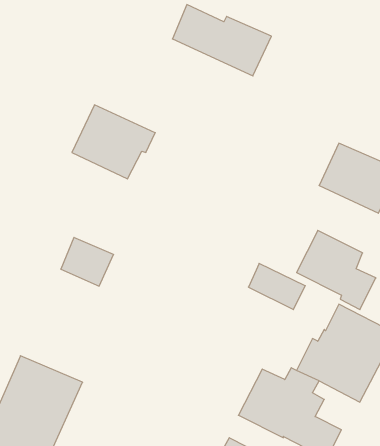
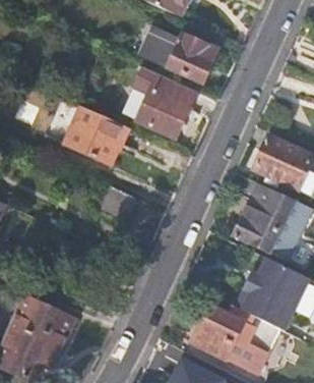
building: none -> [131,65,196,138]
building: [61,237,114,286] -> [95,183,135,221]
building: [248,263,305,310] -> [252,183,296,219]

